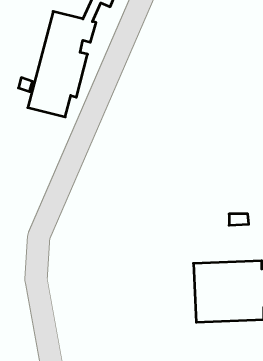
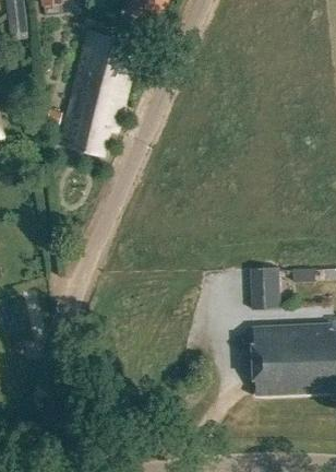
building: none -> [249,267,280,309]

